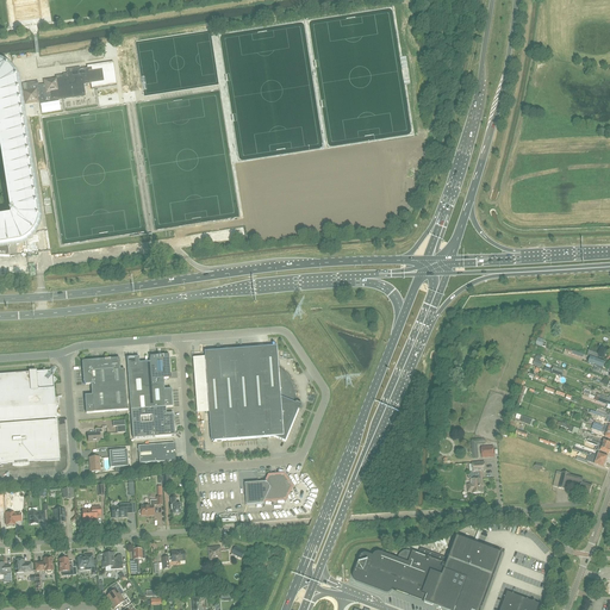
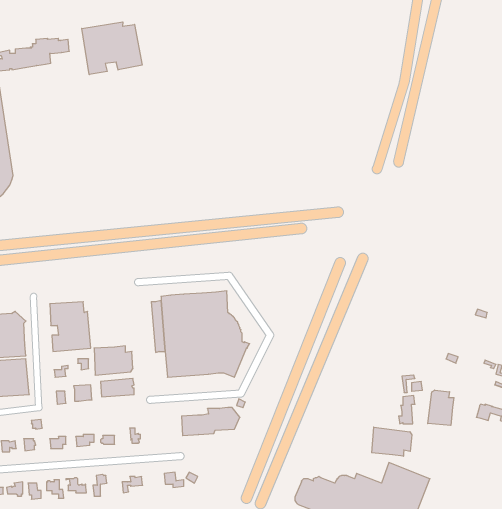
building: none -> [82,22,142,75]
building: [125,353,172,407] -> none
building: none -> [428,390,454,425]
building: none -> [372,427,412,456]

